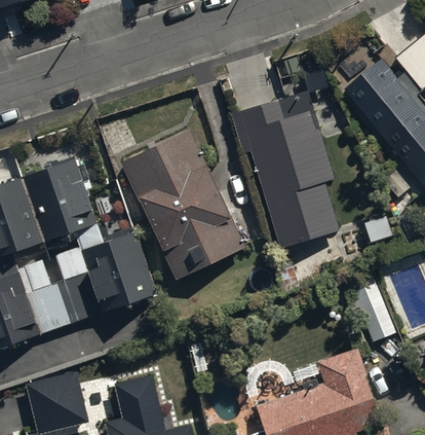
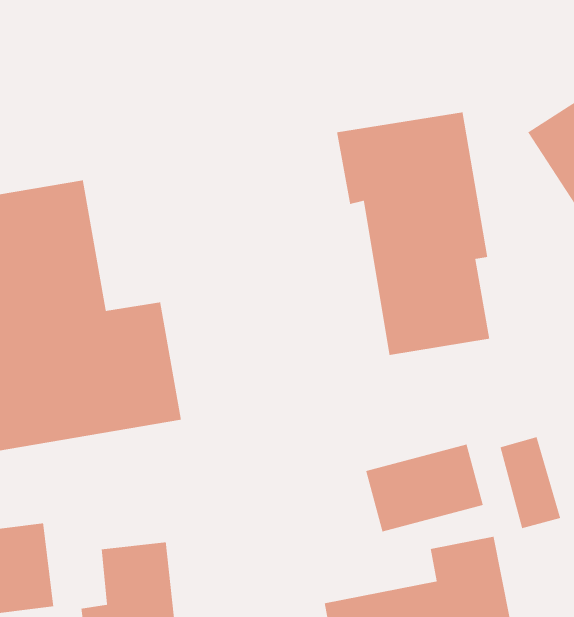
building: [119,129,244,279] -> none
building: none -> [365,444,484,533]

